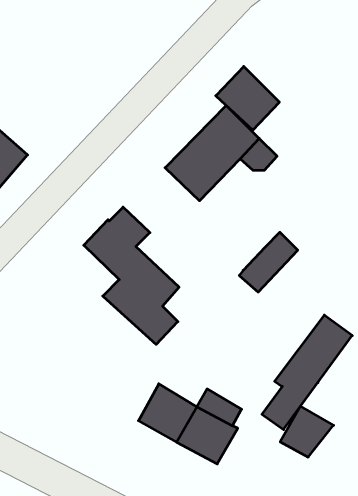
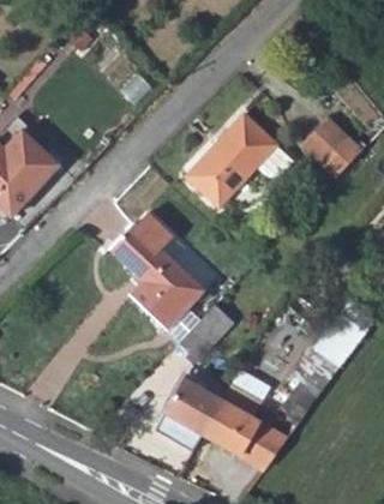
building: [216,66,279,130] -> [300,118,360,178]
building: [239,232,298,292] -> [175,304,230,360]
building: [280,406,334,457] -> [236,419,287,467]

